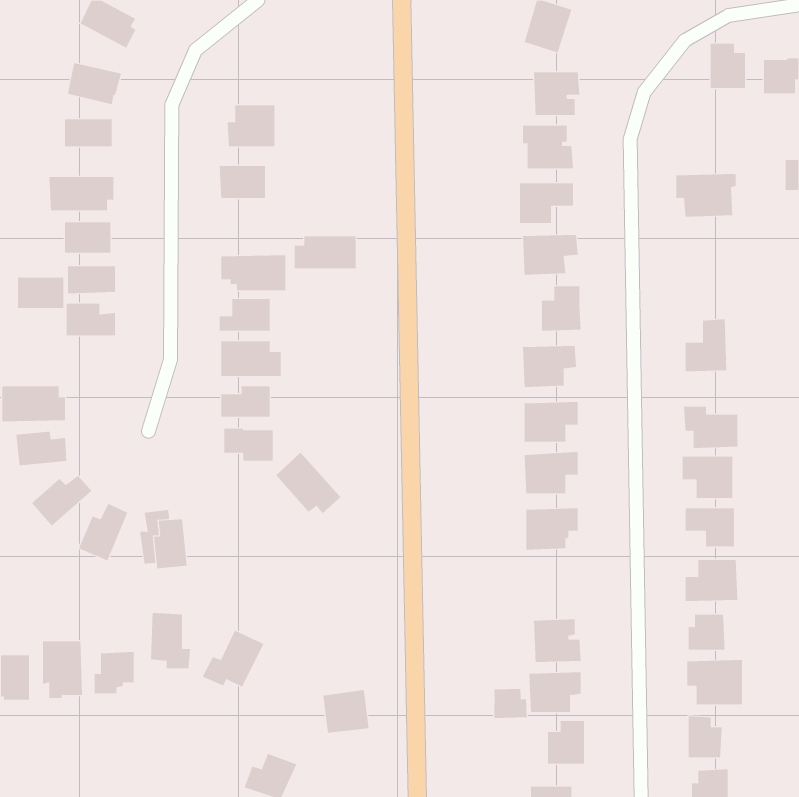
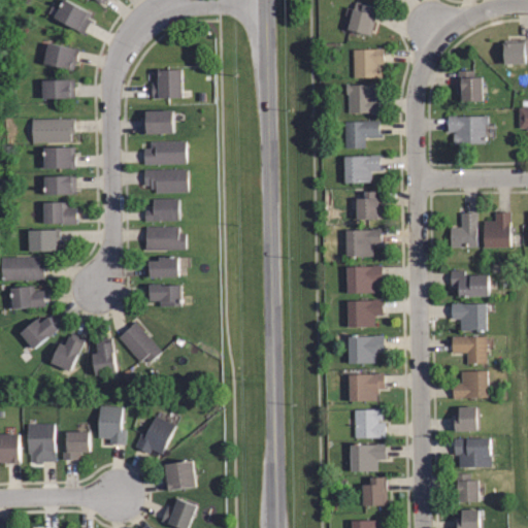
building: [710,43,746,88] -> [458,71,482,101]
building: [294,236,357,269] -> [145,141,187,163]
building: [17,277,64,308] -> [28,230,59,251]
building: none -> [485,211,513,246]
building: [276,452,341,514] -> [118,321,161,362]
building: none -> [346,373,383,401]
building: [494,688,527,719] -> none
building: [322,689,369,733] -> [164,462,195,491]

